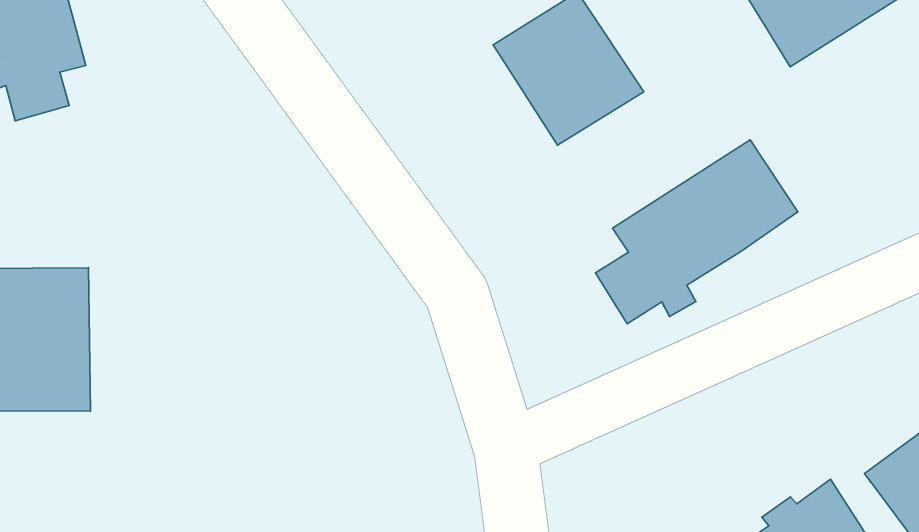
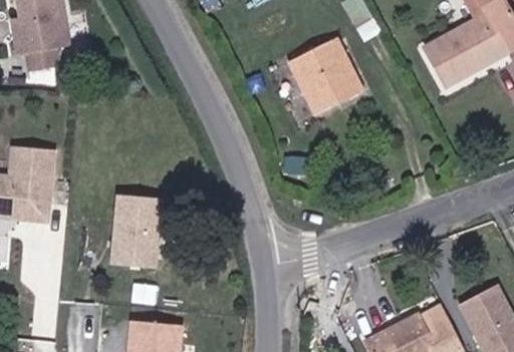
building: [596,140,798,324] -> none
building: none -> [106,193,165,274]

